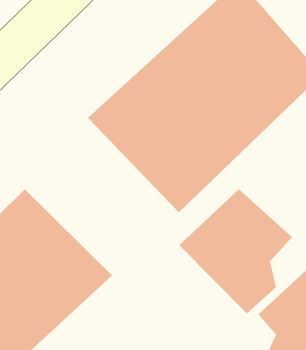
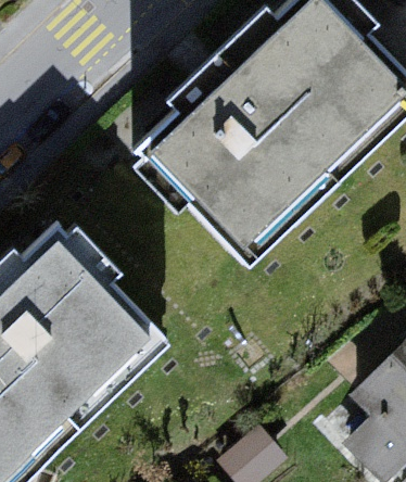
building: [179,188,293,314] -> none

